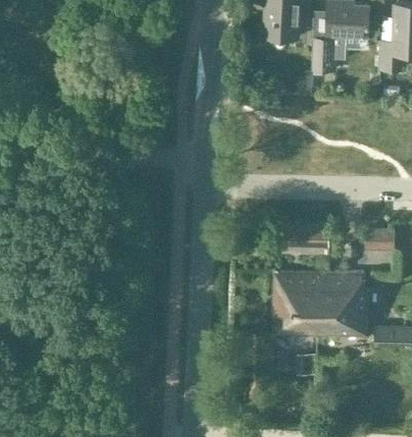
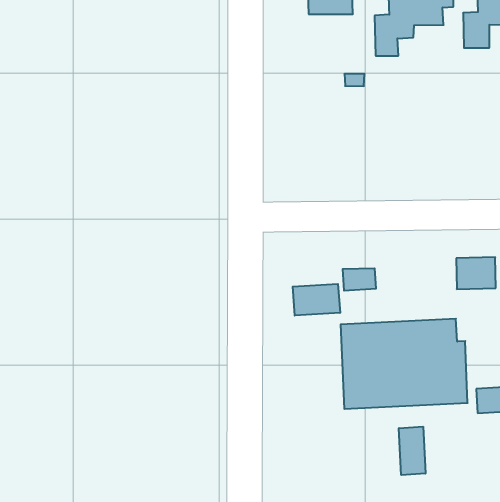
building: none -> [293,284,340,316]
building: none -> [399,427,425,475]

